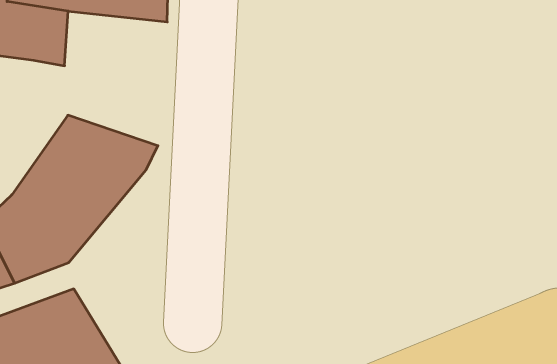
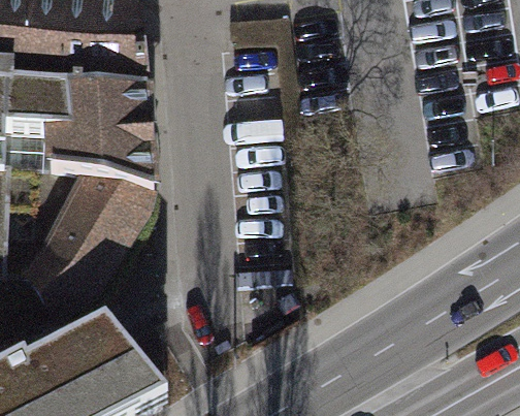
building: none -> [35,87,150,192]

